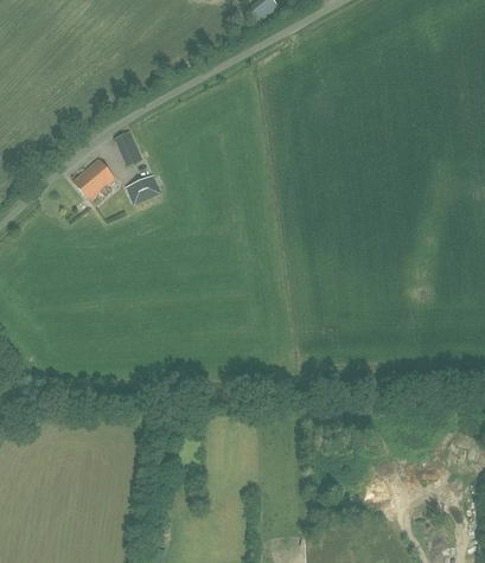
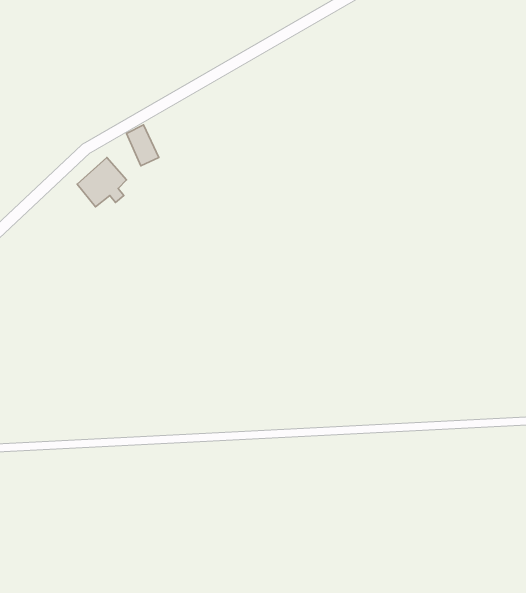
building: [125,175,160,205] -> none

